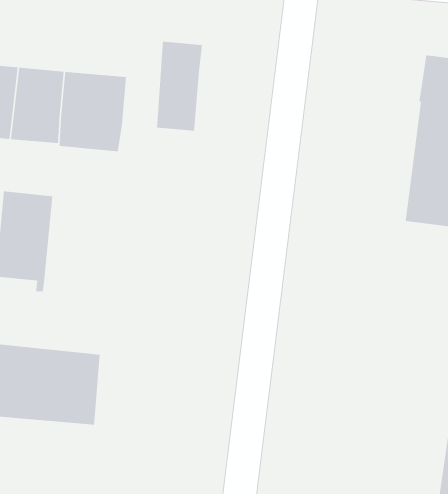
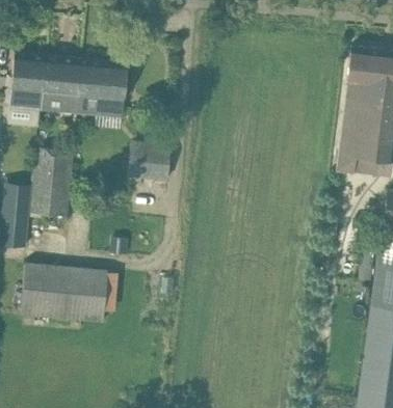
building: [157,41,203,131] -> none
building: none -> [137,143,171,181]

